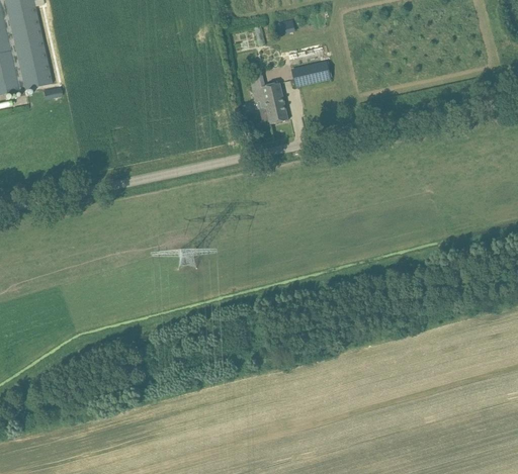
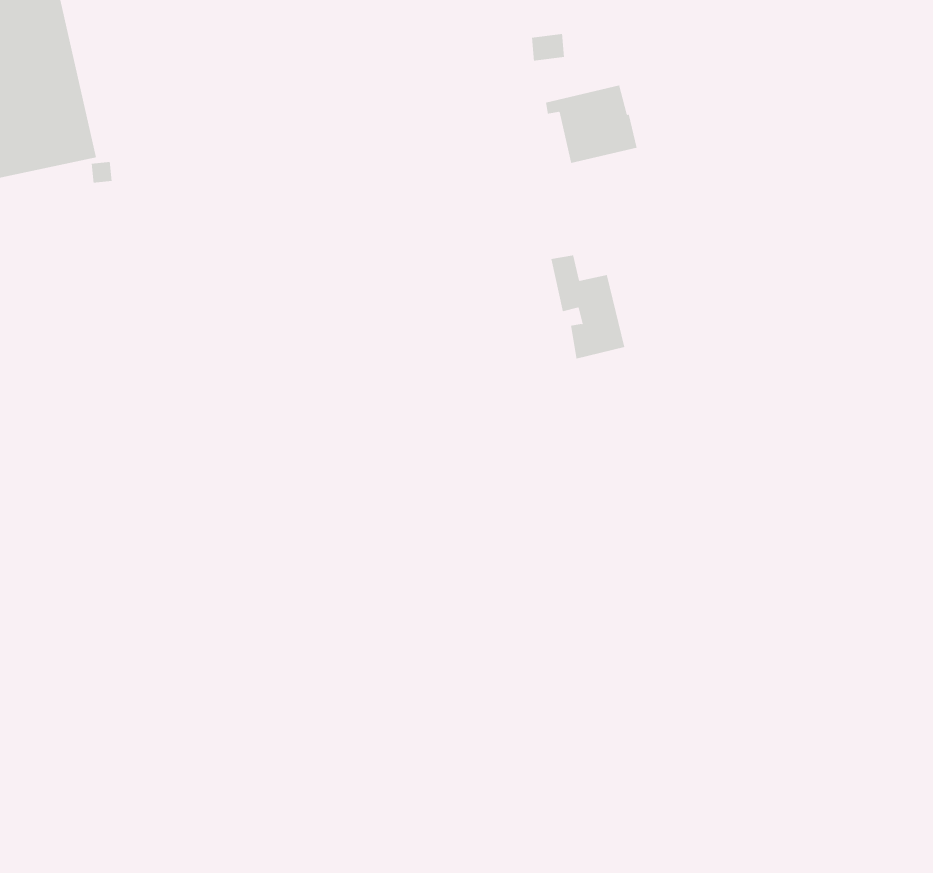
building: [250,72,288,125] -> [550,255,625,359]

